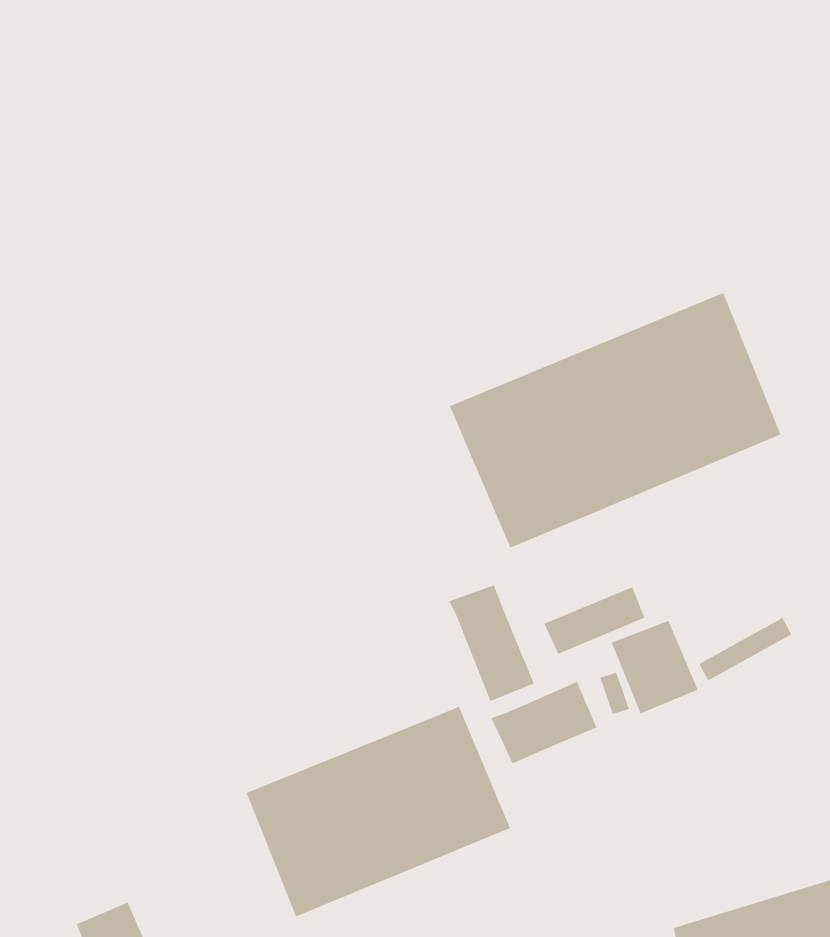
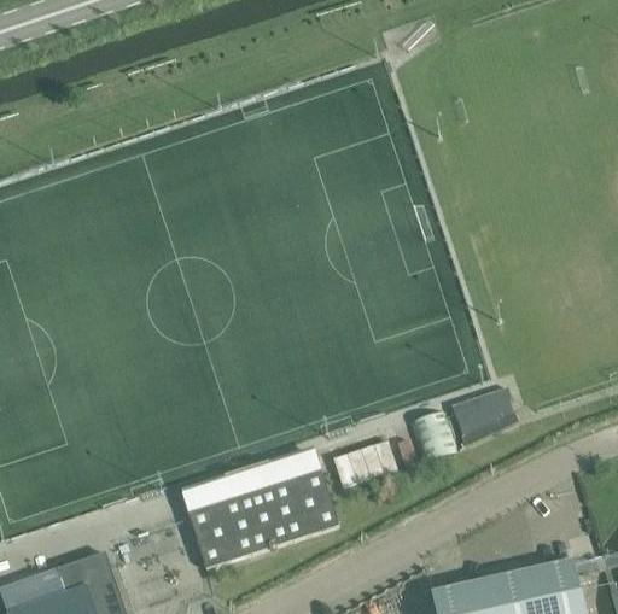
building: [449,292,781,549] -> none
building: [448,584,534,702] -> none
building: [543,587,645,654] -> [450,388,512,426]

